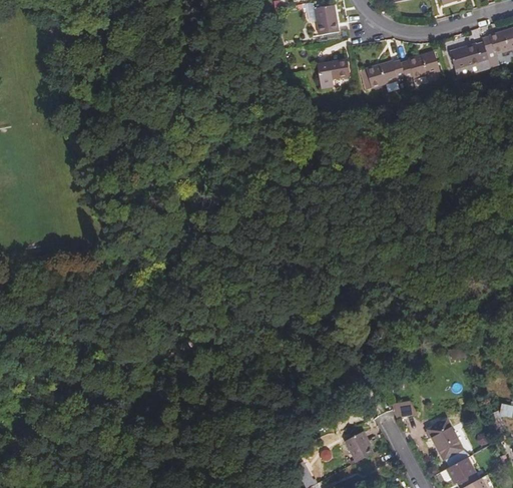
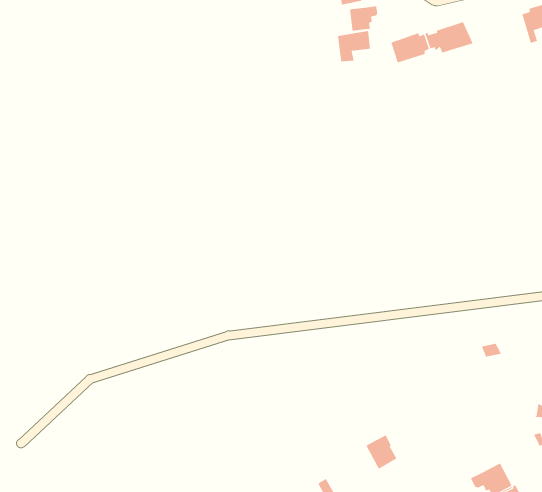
building: none -> [349,5,378,32]
building: [452,45,493,79] -> none
building: [428,417,463,464] -> none

